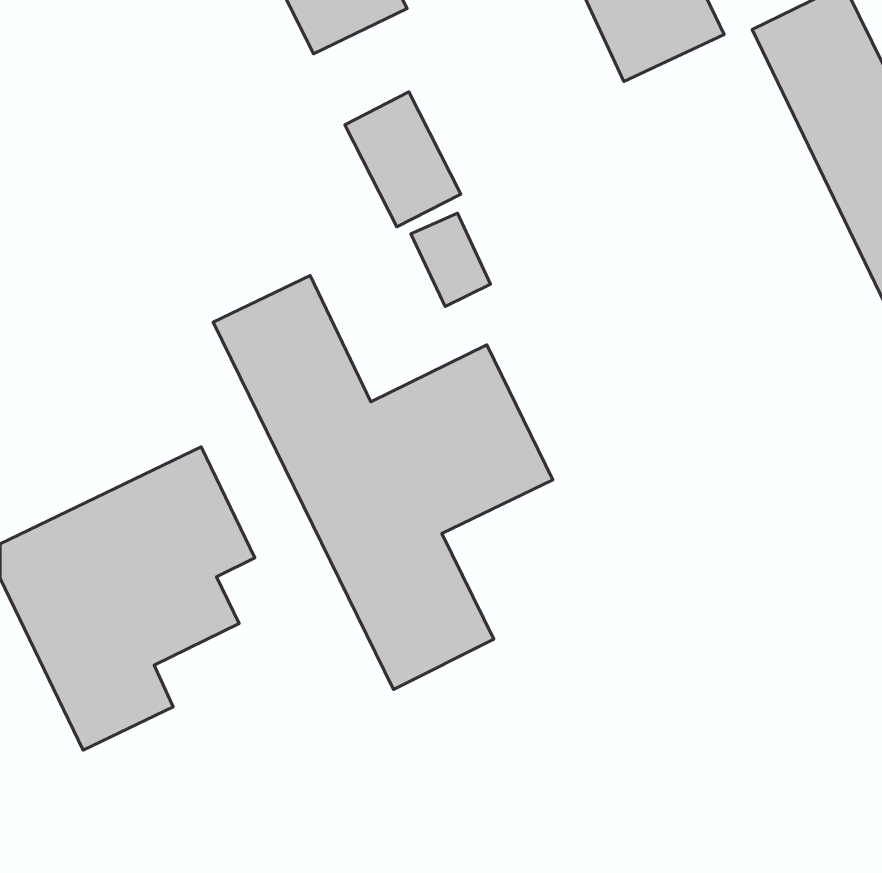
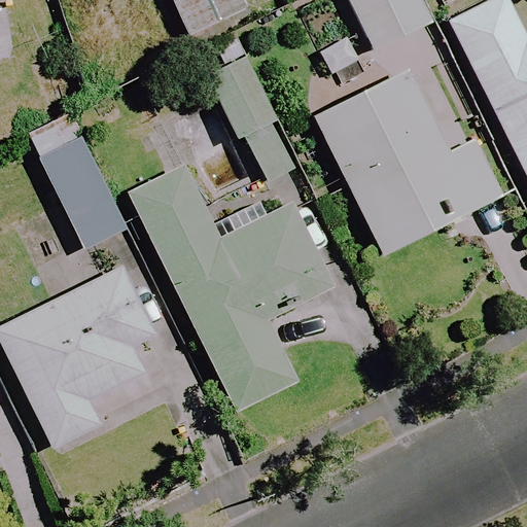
building: none -> [314,69,506,259]
building: none -> [27,110,127,250]

